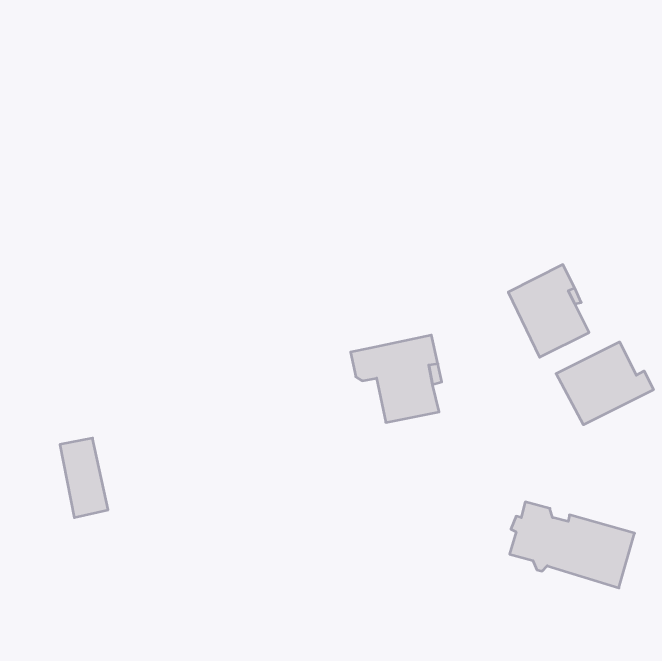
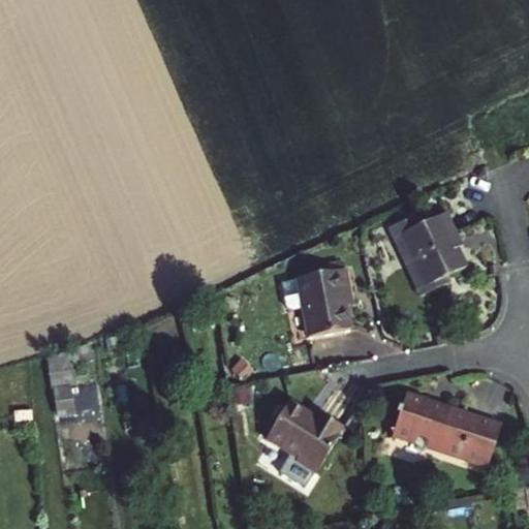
building: [556,342,653,425] -> none
building: none -> [252,403,329,475]

